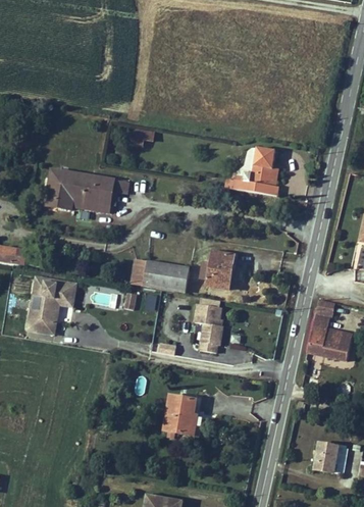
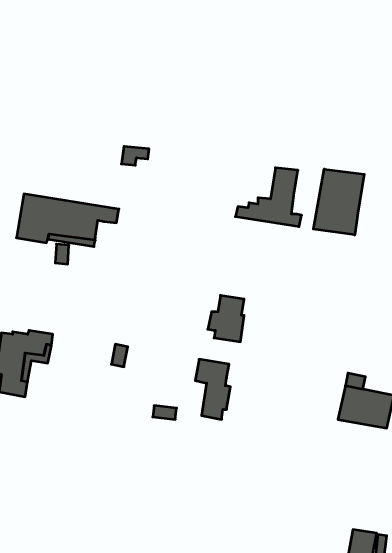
building: none -> [313,169,364,235]
building: [131,261,190,292] -> none
building: [164,396,196,435] -> none

